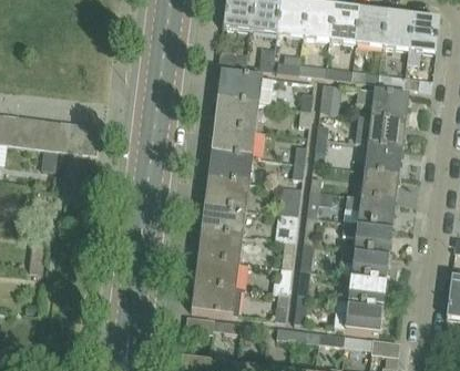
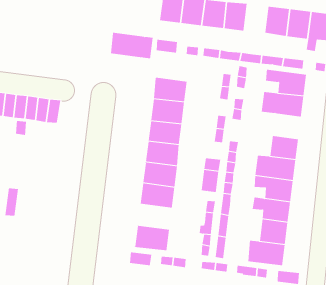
building: [329,6,359,42] -> none
building: [218,71,273,104] -> [110,32,154,59]
building: [365,143,401,175] -> none
building: [194,256,239,288] -> none

